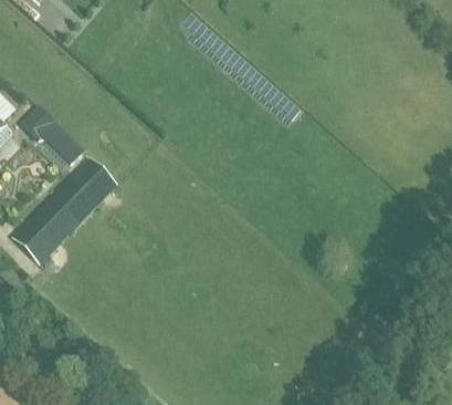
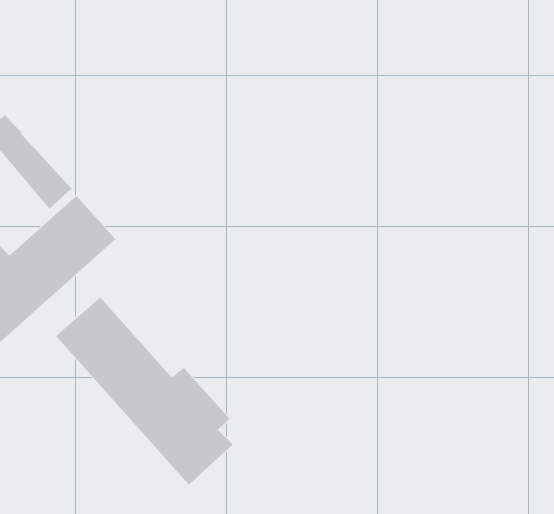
building: none -> [55,296,233,486]

